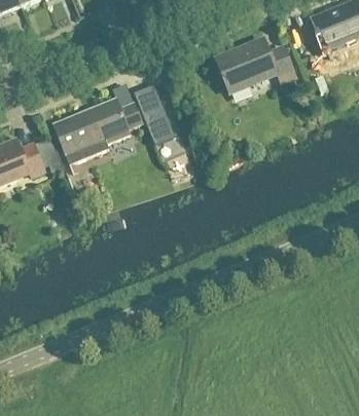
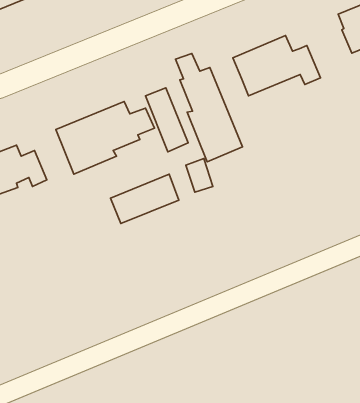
building: none -> [175,53,242,162]
building: none -> [110,174,179,223]

